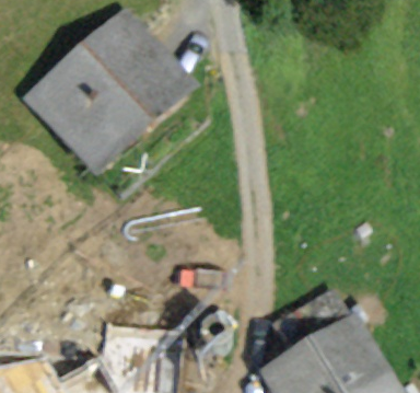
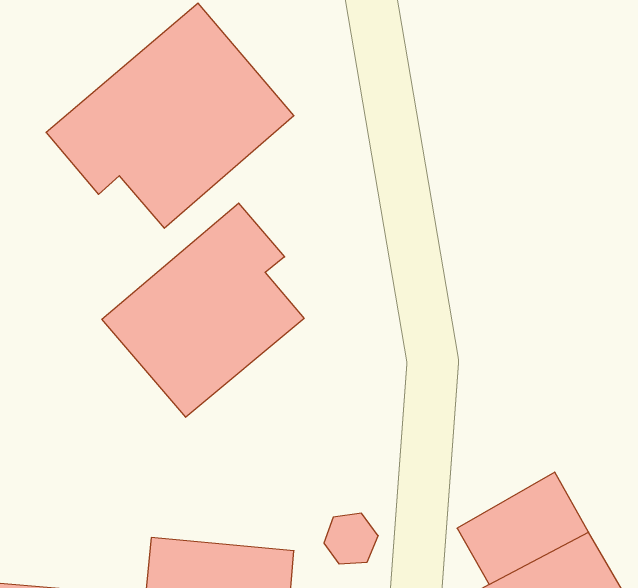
building: none -> [102,203,304,417]

